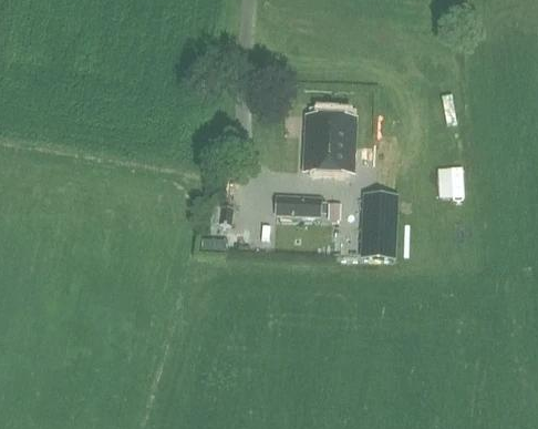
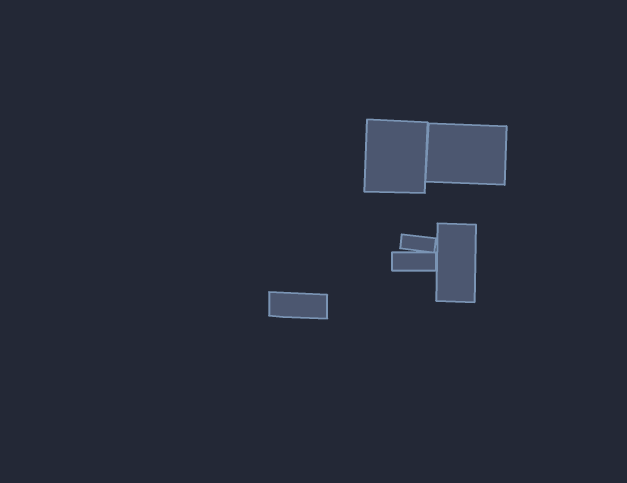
building: none -> [425,123,506,185]
building: [275,193,321,214] -> [269,292,327,318]

